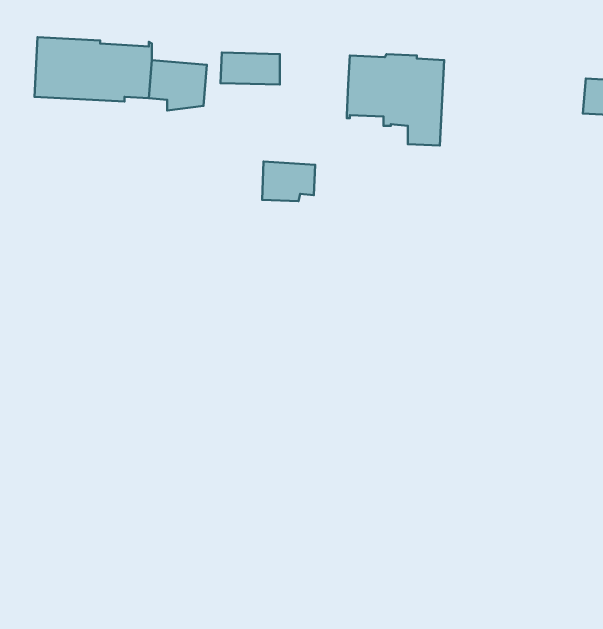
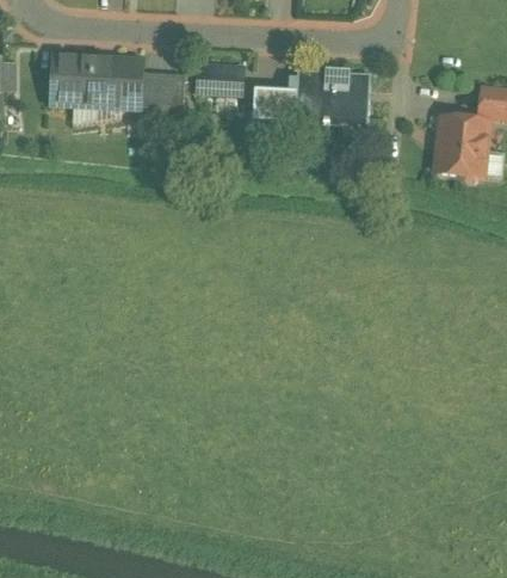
building: none -> [435,116,488,178]
building: [262,162,315,201] -> [254,90,296,121]

